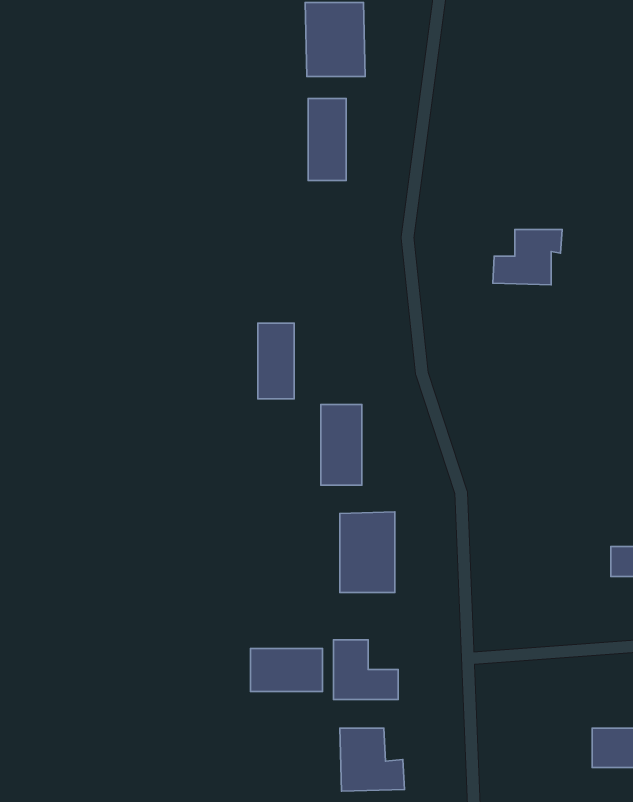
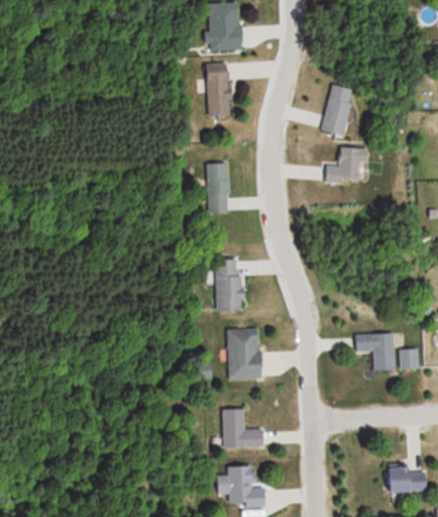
building: none -> [318,83,353,135]
building: [258,323,294,399] -> [205,164,228,212]
building: none -> [354,333,396,371]
building: [250,649,323,692] -> none

